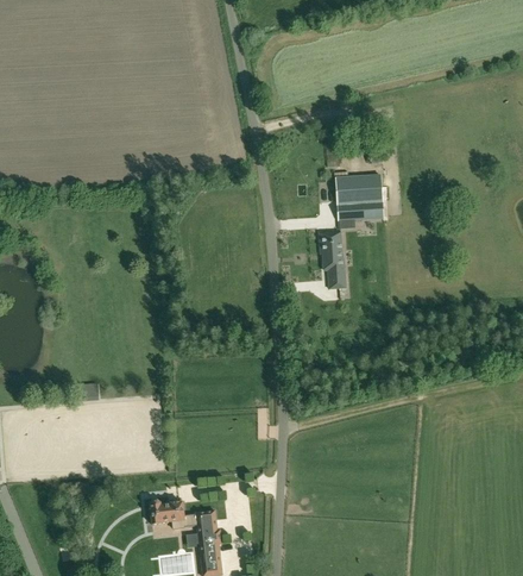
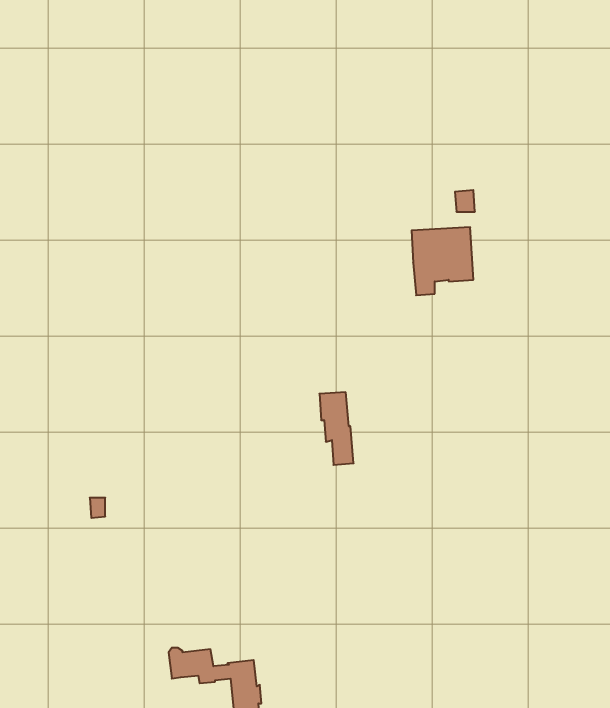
building: [319,231,345,287] -> [319,392,354,465]

